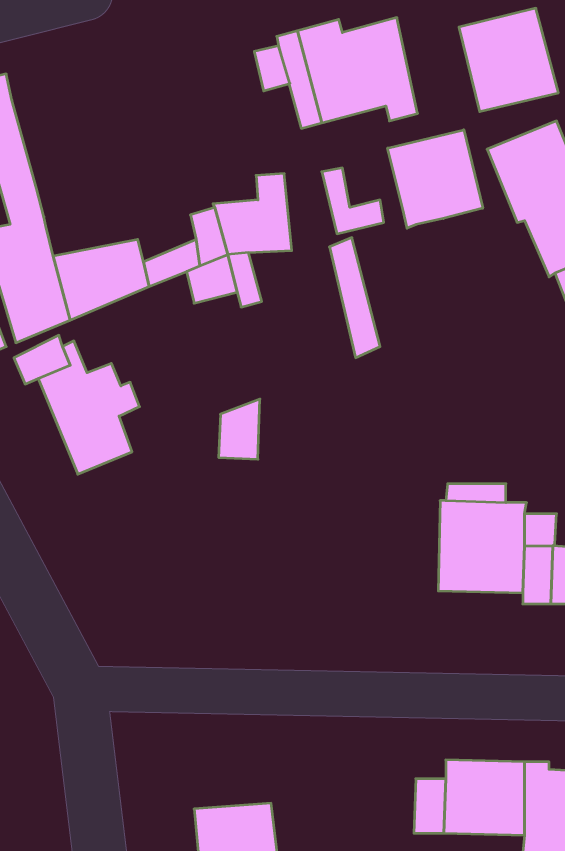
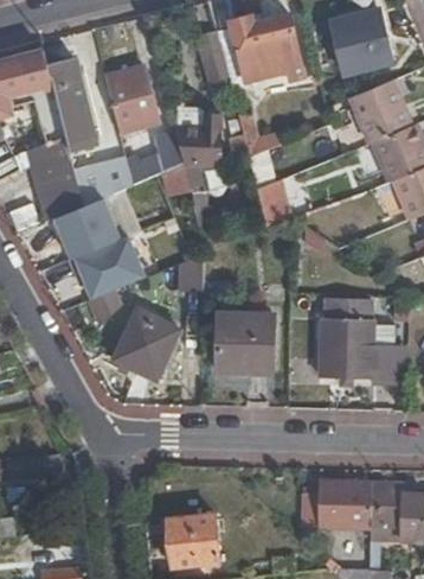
building: none -> [49,58,96,145]
building: none -> [107,64,161,131]
building: [388,130,483,228] -> none
building: none -> [114,308,180,382]
building: none -> [216,310,274,374]

